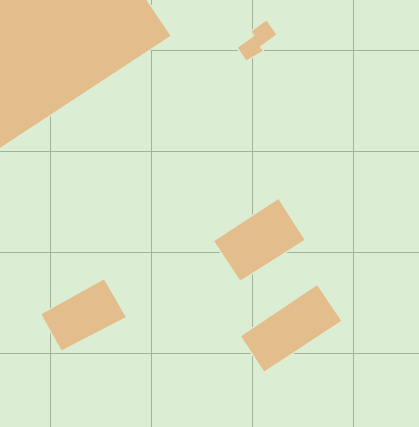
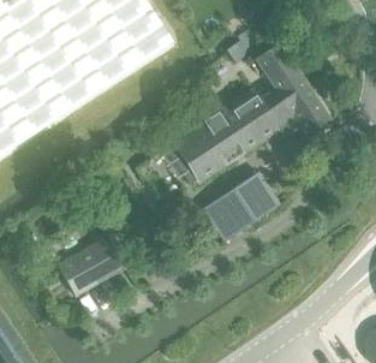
building: none -> [174,44,329,183]
building: [240,284,342,373] -> none

